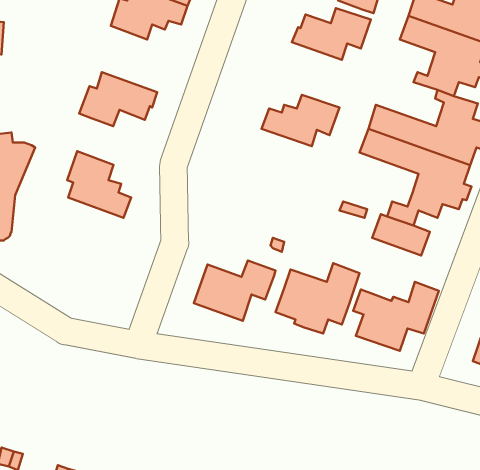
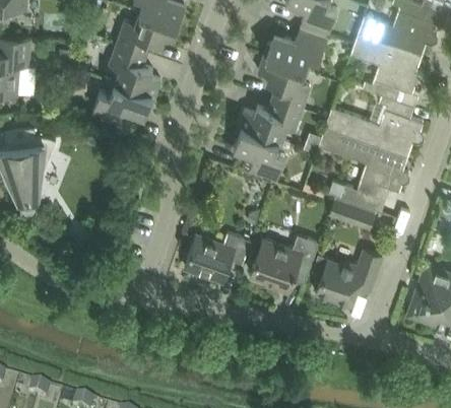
building: none -> [259,56,311,109]
building: none -> [234,126,286,180]
building: [67,151,131,218] -> [110,43,162,96]

